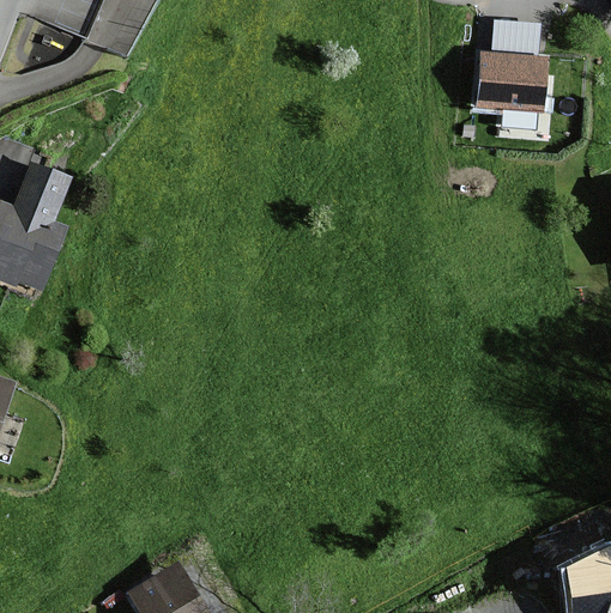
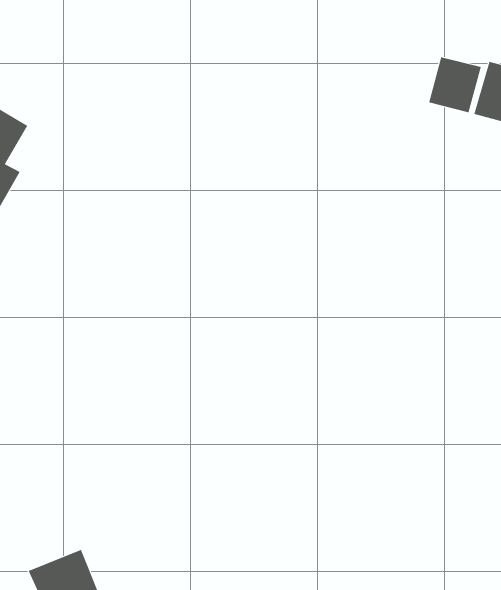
building: none -> [428,56,481,113]

